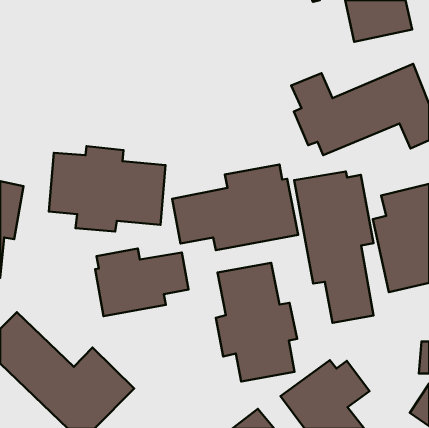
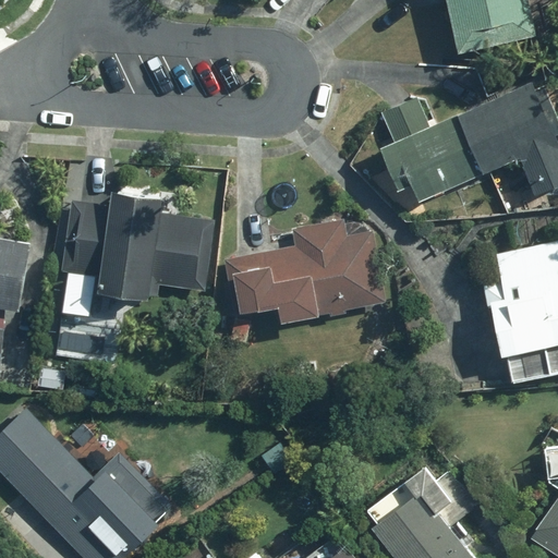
building: [294,171,374,323] -> none
building: [95,248,189,316] -> none
building: [216,263,297,382] -> none

